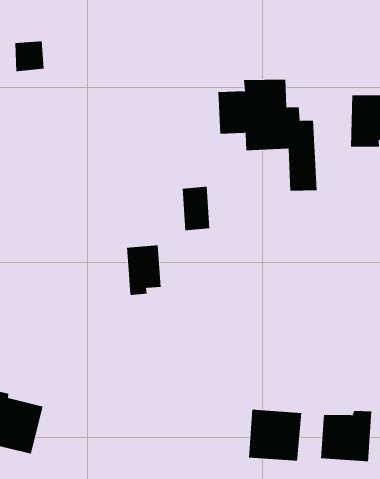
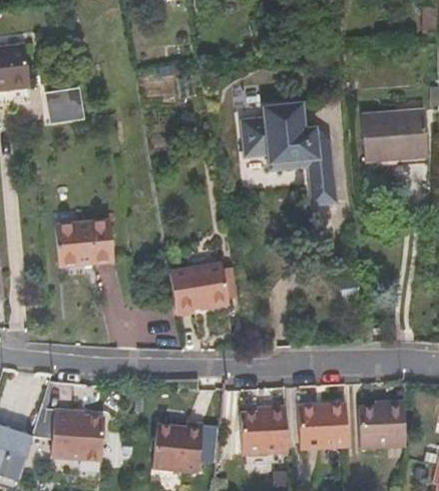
building: [182,186,210,231] -> [199,261,229,303]
building: none -> [56,219,114,264]
building: none -> [154,412,203,462]
building: none -> [240,406,285,454]

